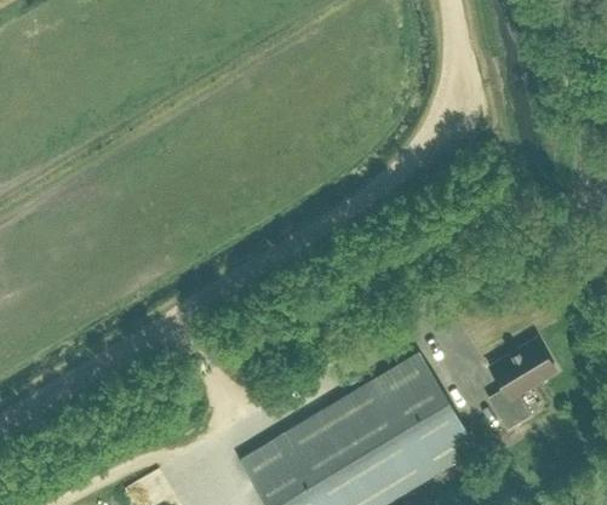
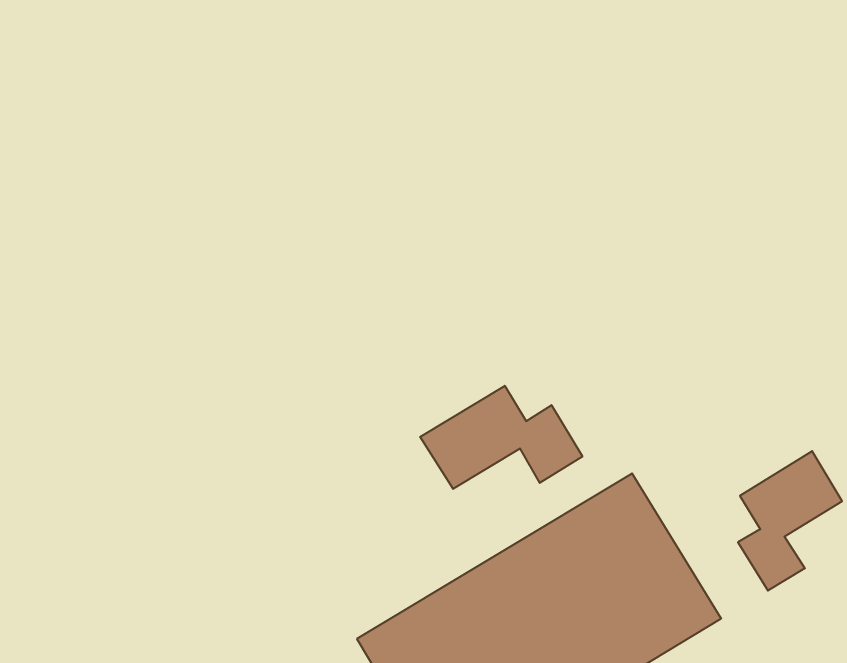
building: none -> [420,386,582,489]

